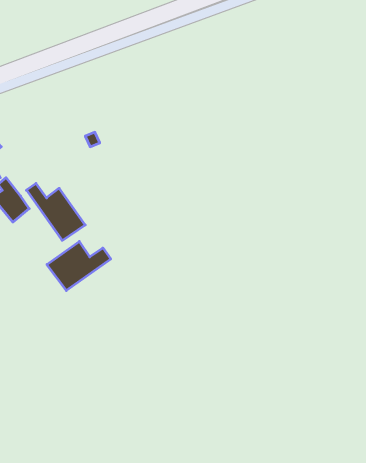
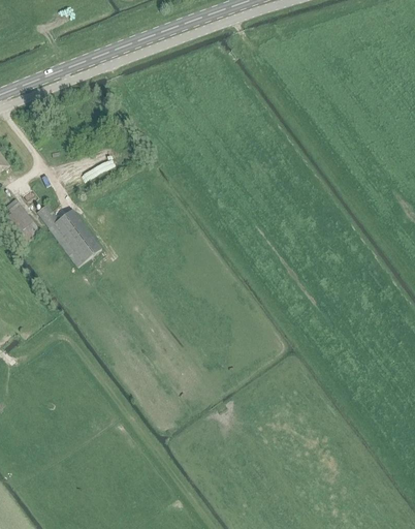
building: [47,241,111,291] -> none

